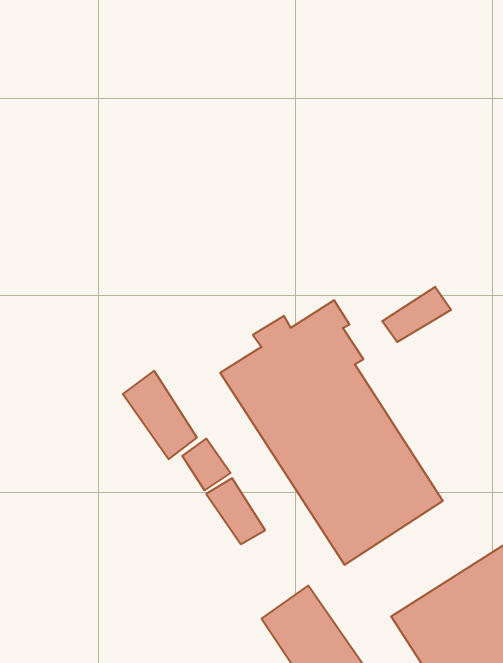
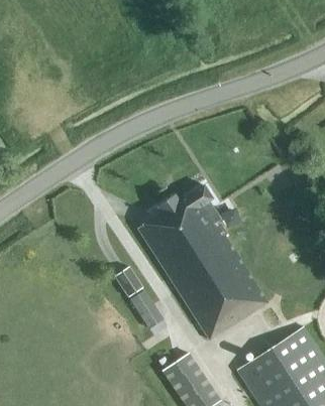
building: [382,287,451,342] -> none
building: [123,371,197,459] -> none

